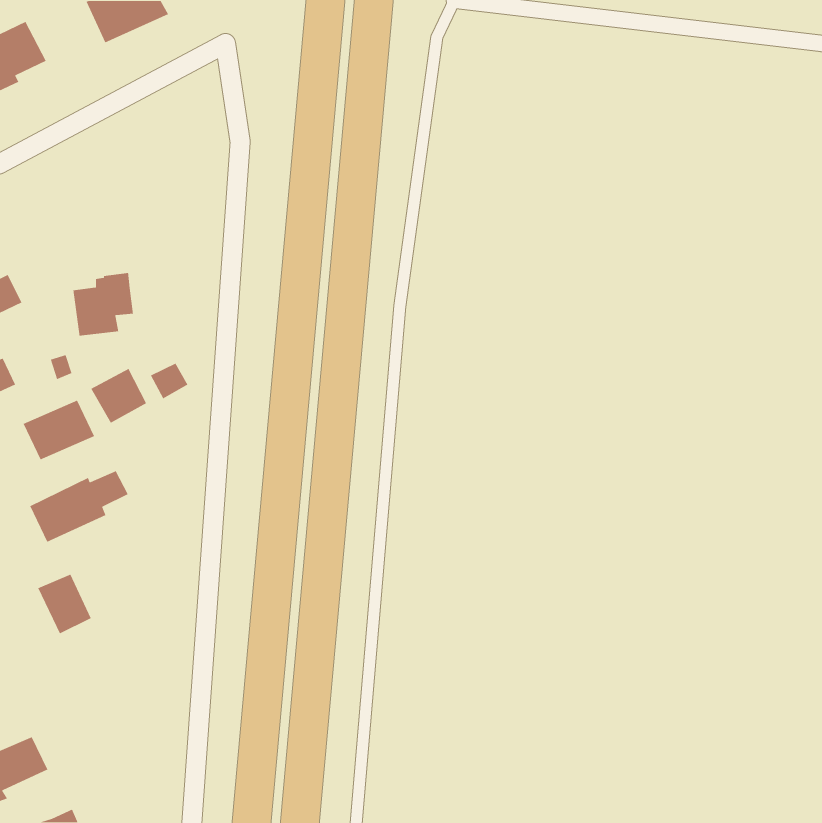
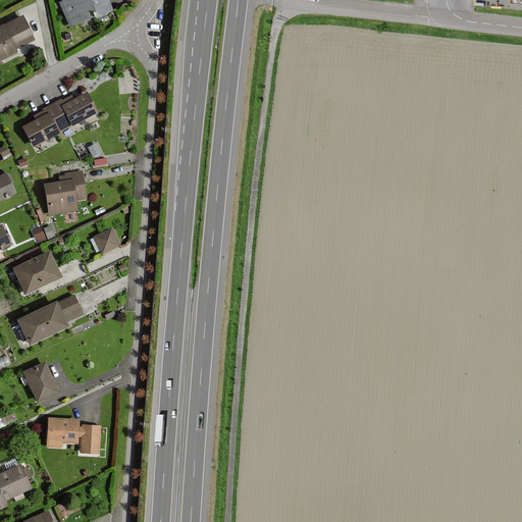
building: none -> [23,93,97,146]
building: [90,368,147,424] -> none
building: none -> [47,419,99,453]

